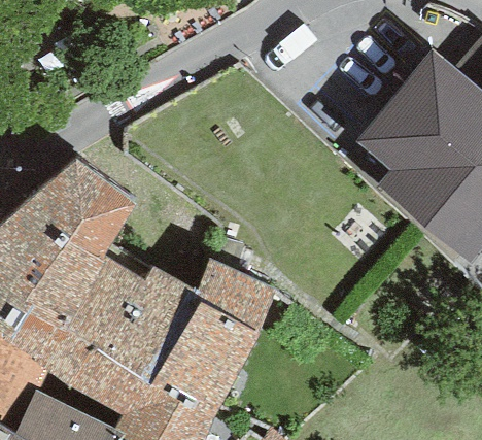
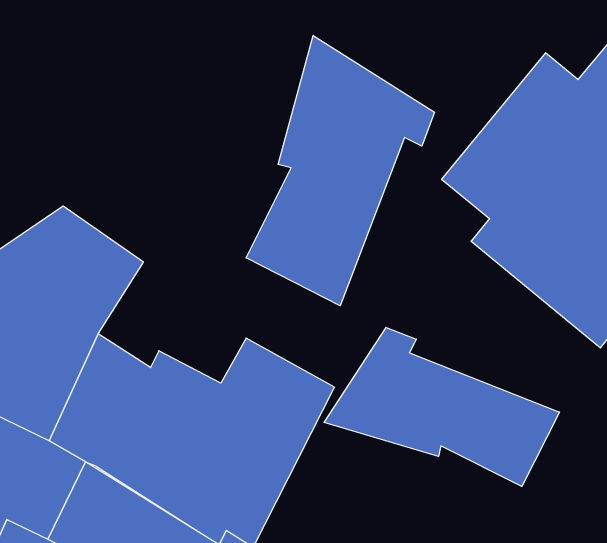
building: none -> [246,35,434,306]
building: none -> [324,327,560,486]

